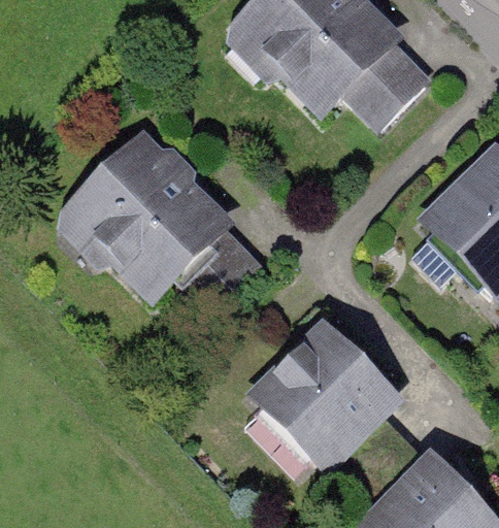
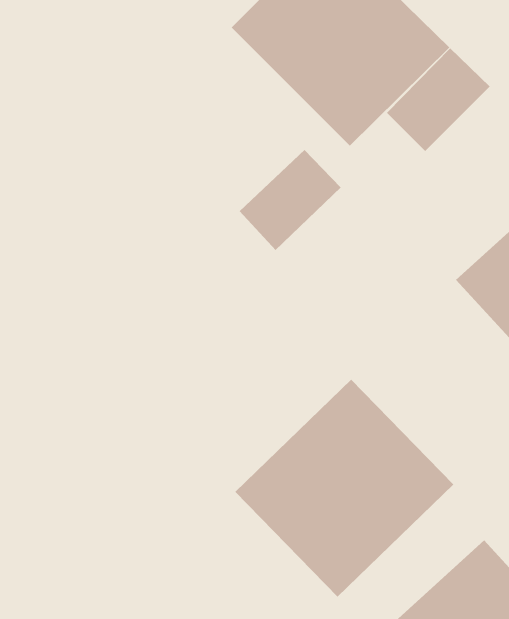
building: [57,126,236,305] -> none
building: none -> [239,149,341,251]

